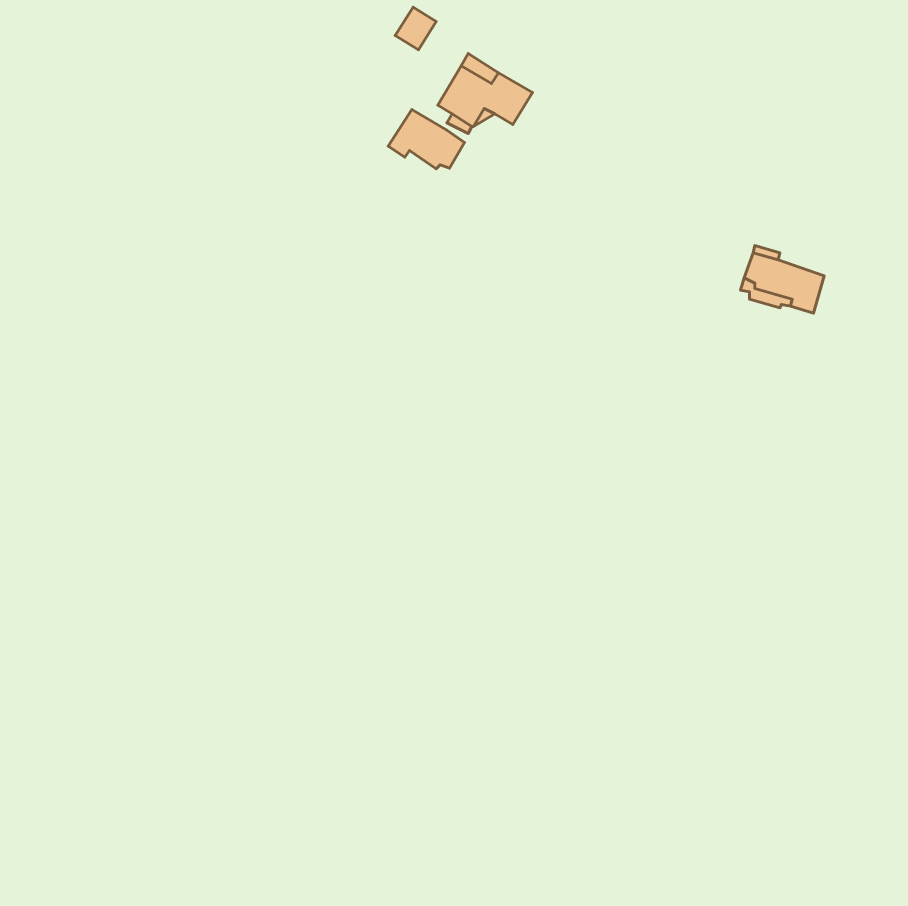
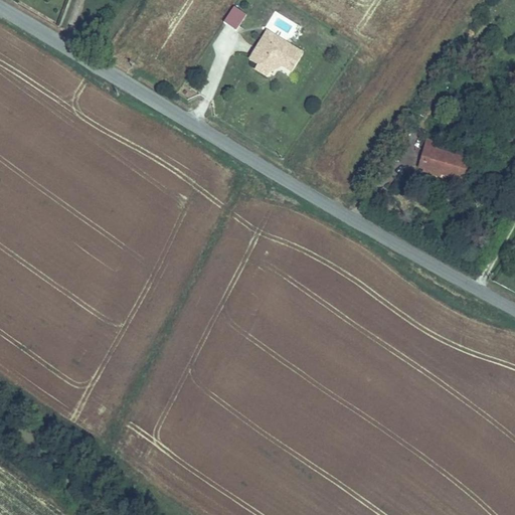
building: [388,110,464,169] -> none

